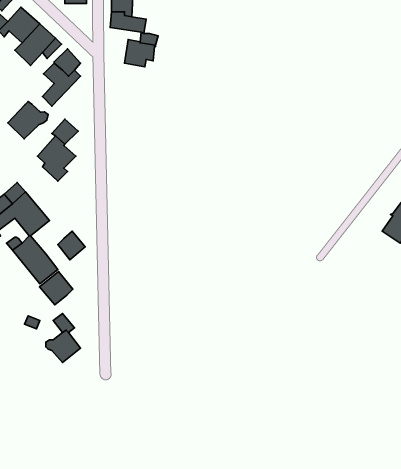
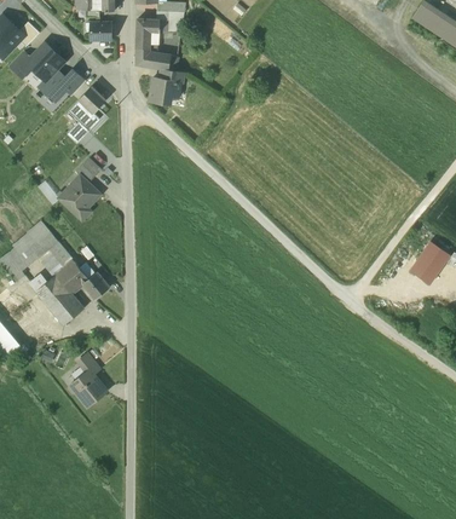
building: [8,102,48,139] -> none
building: [39,271,73,305] -> [54,260,88,294]

